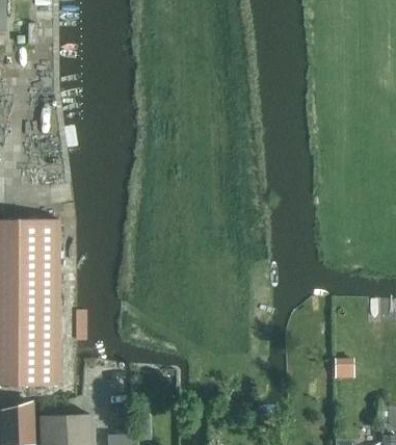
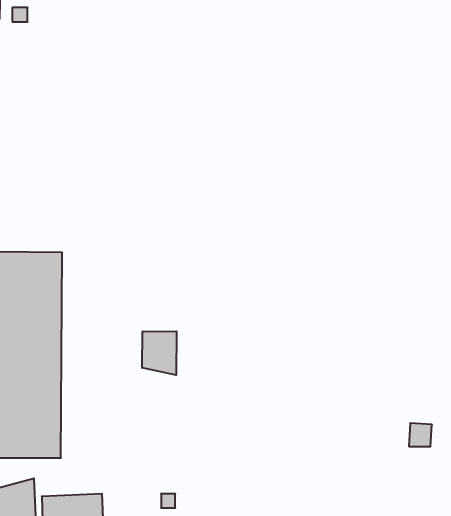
building: none -> [142,331,177,375]

